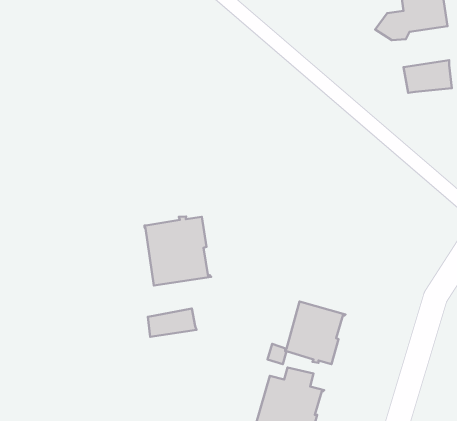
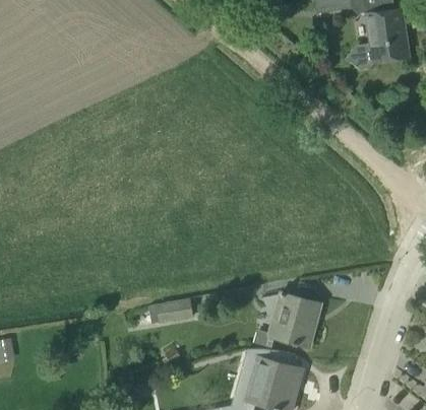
building: [404,60,452,93] -> none
building: [144,216,211,285] -> none

